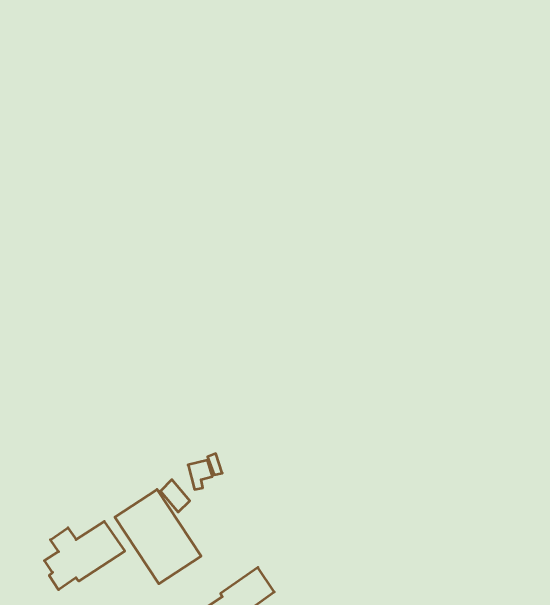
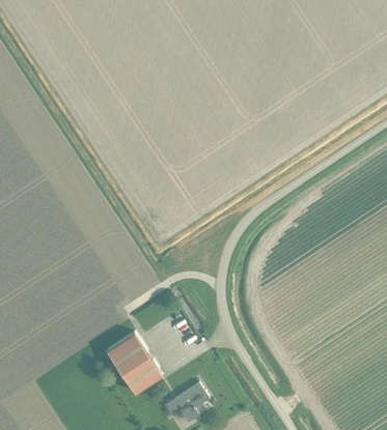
building: [44,521,125,590] -> none

